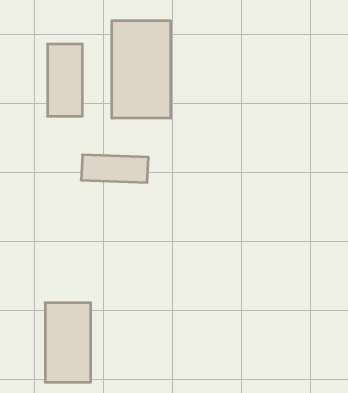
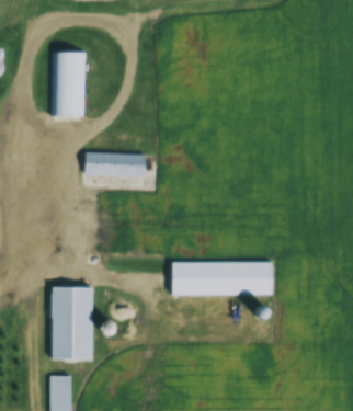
building: [112,21,171,118] -> none
building: none -> [171,262,272,295]

